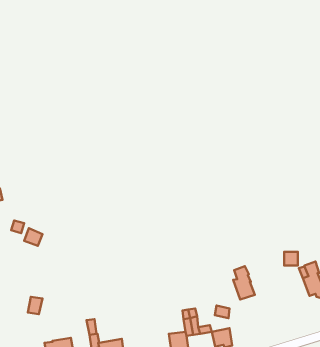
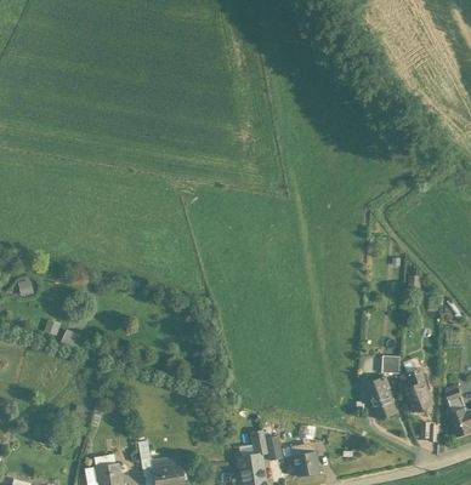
building: [233,266,255,300] -> [370,378,397,420]

